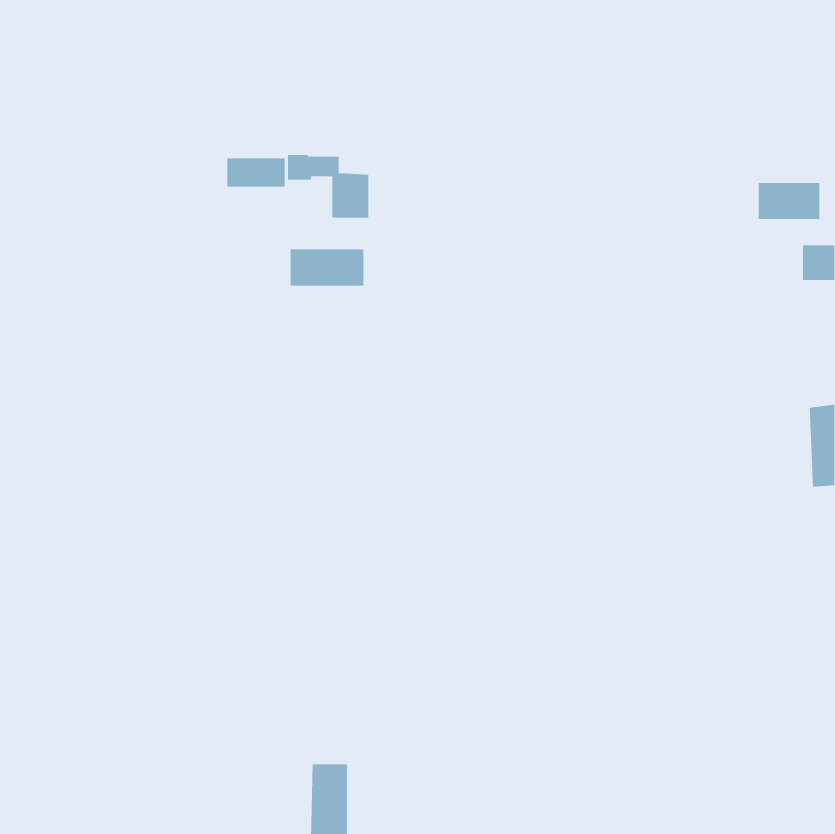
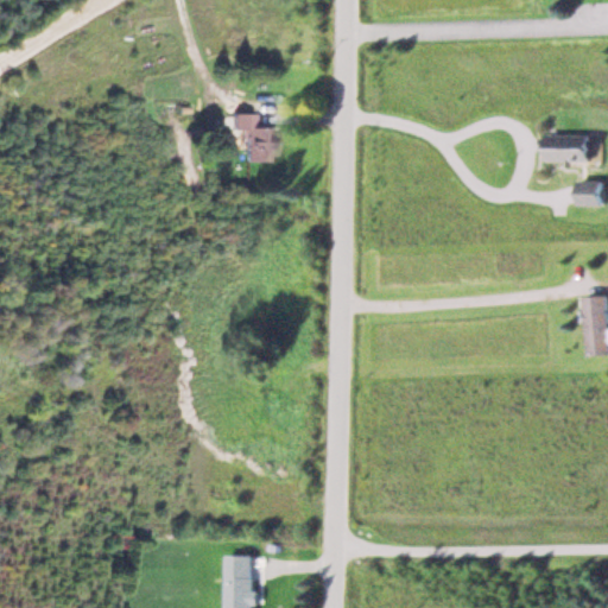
building: [227,157,286,187] -> none
building: [290,248,364,287] -> none

